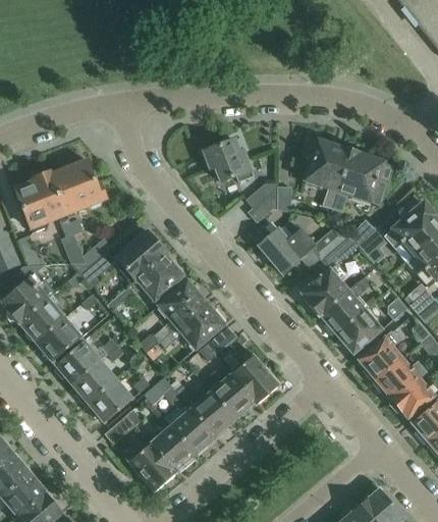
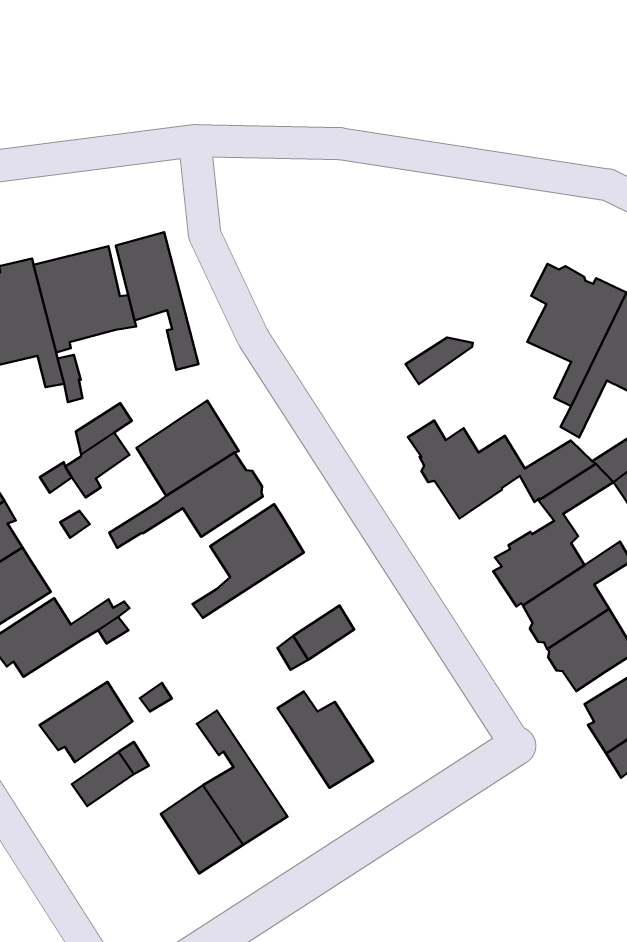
building: [204,138,250,180] -> none
building: none -> [116,232,198,370]
building: [249,186,292,221] -> none
building: [160,301,226,348] -> none
building: [232,349,279,404] -> none
building: [72,361,116,406] -> none
building: [171,378,235,435] -> none
building: [123,442,176,490] -> none

